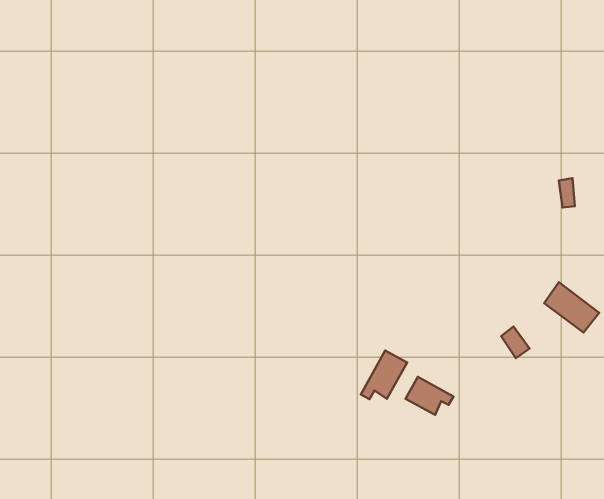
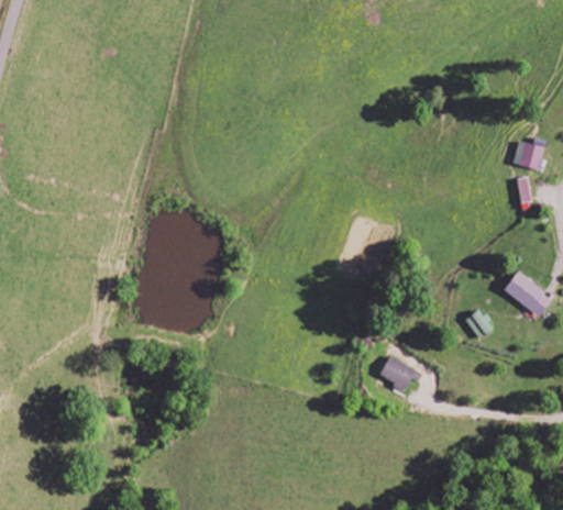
building: none -> [512,140,544,170]
building: [361,351,407,399] -> none

